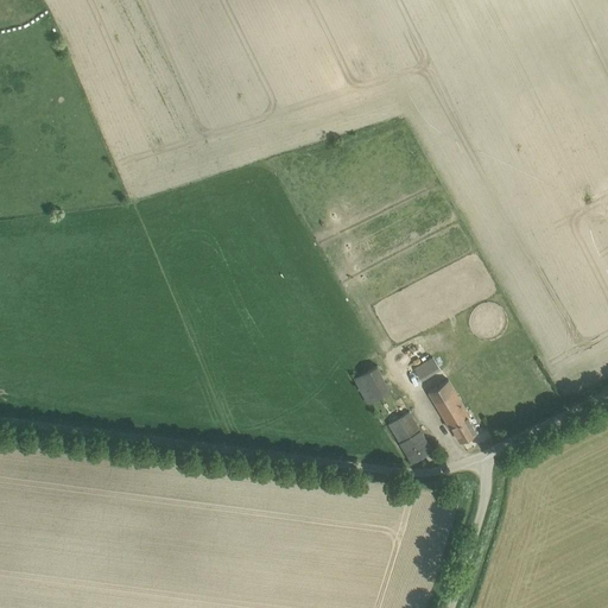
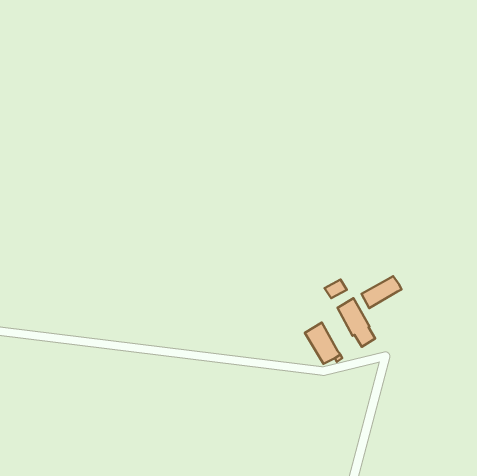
building: none -> [362,276,402,308]
building: [353,367,390,405] -> none

